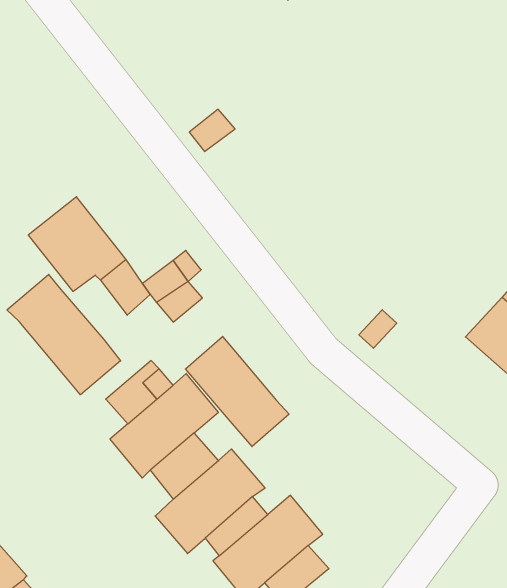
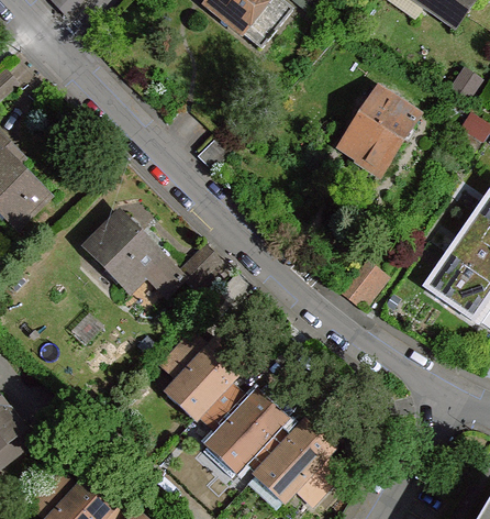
building: none -> [347,95,415,177]
building: [7,274,121,395] -> none
building: [185,336,289,447] -> none

